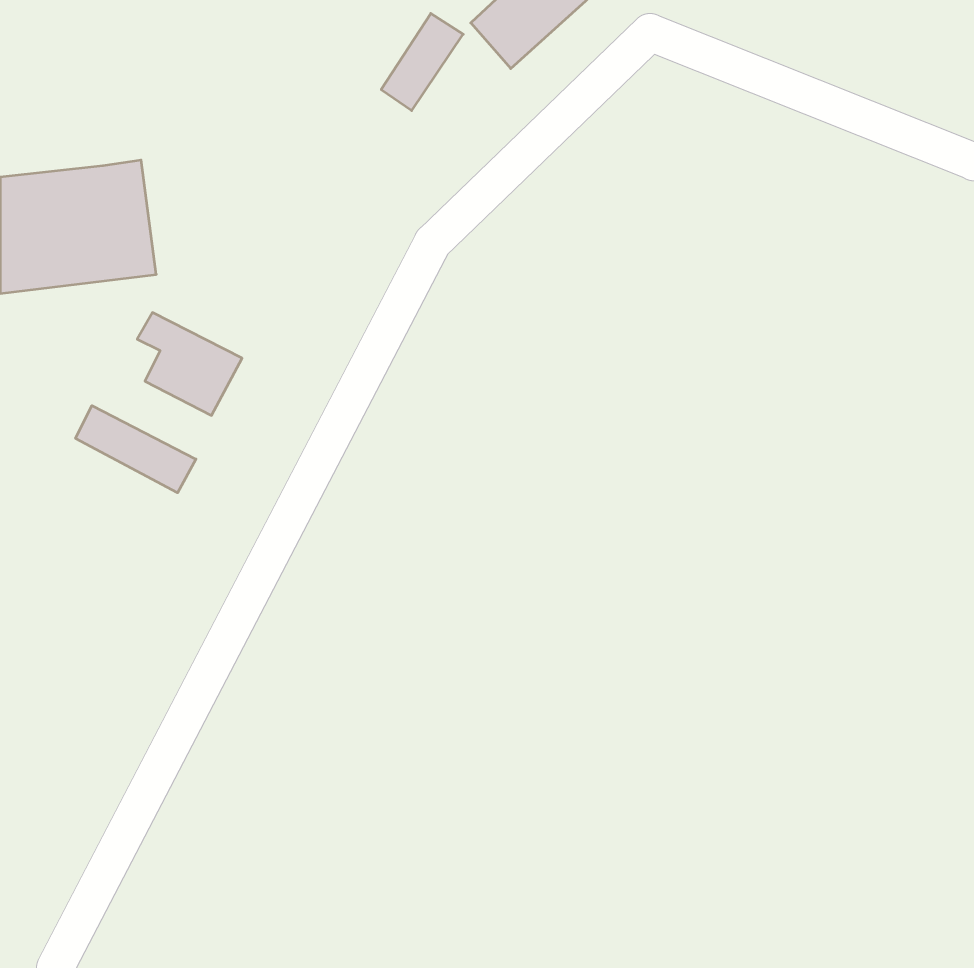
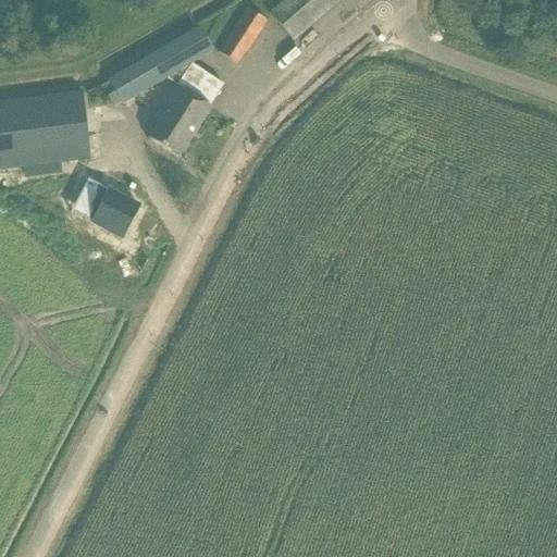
building: none -> [107,27,222,156]
building: [76,406,196,493] -> none

